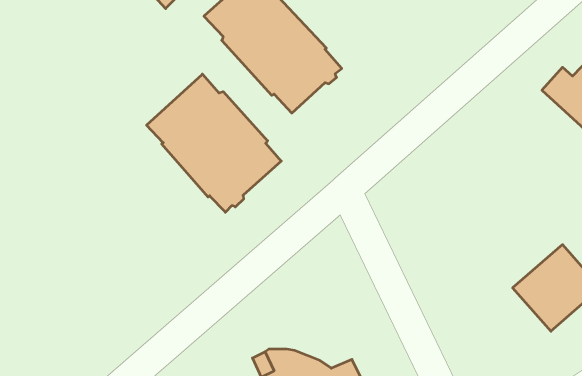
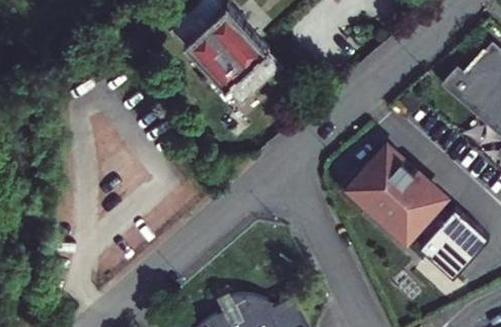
building: [147,74,281,212] -> none
building: none -> [340,146,443,238]

